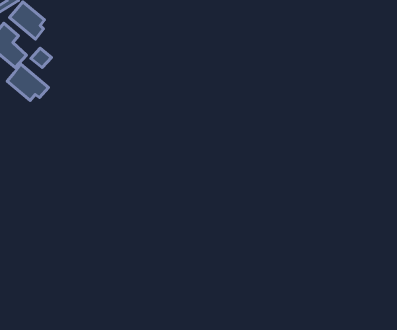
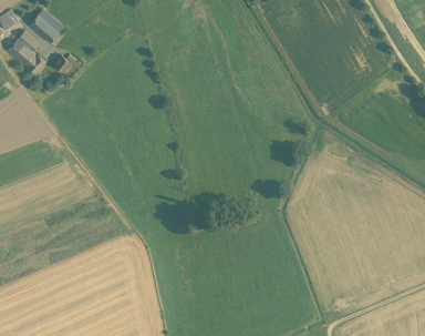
building: [7,64,49,100] -> none

